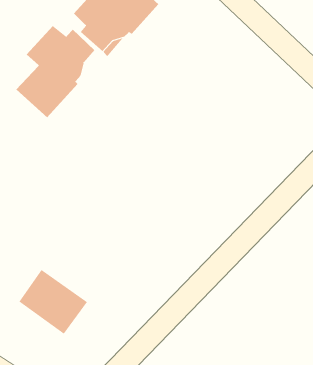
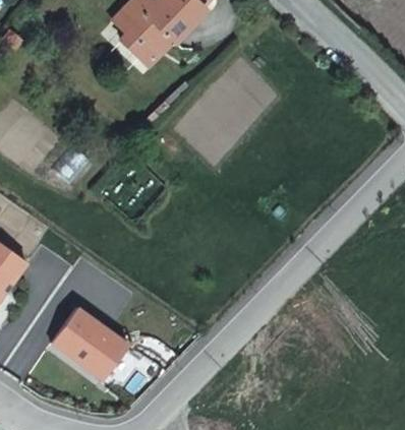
building: [16,25,95,118] -> none

